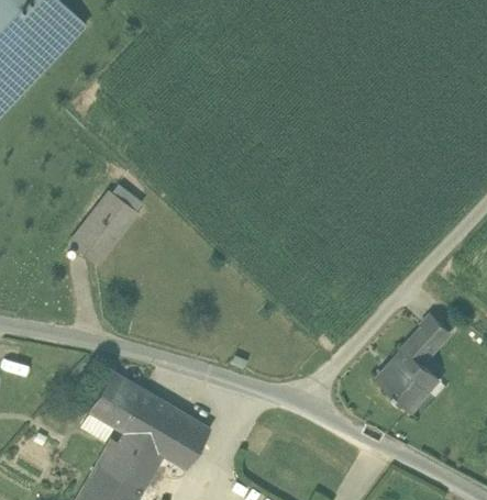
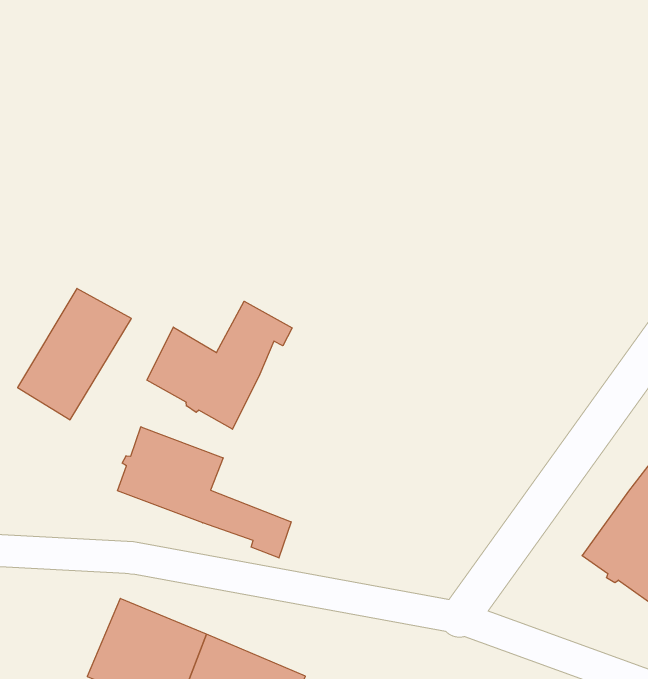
building: none -> [147,301,292,429]
building: none -> [118,427,291,558]

